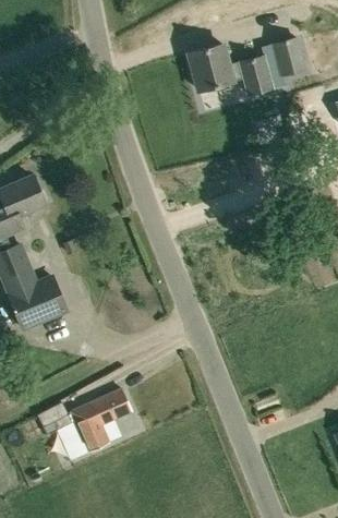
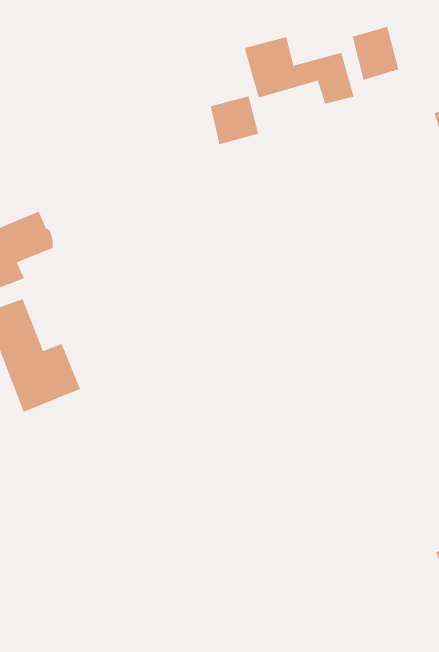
building: none -> [210,96,259,145]
building: [37,387,131,459] -> none

